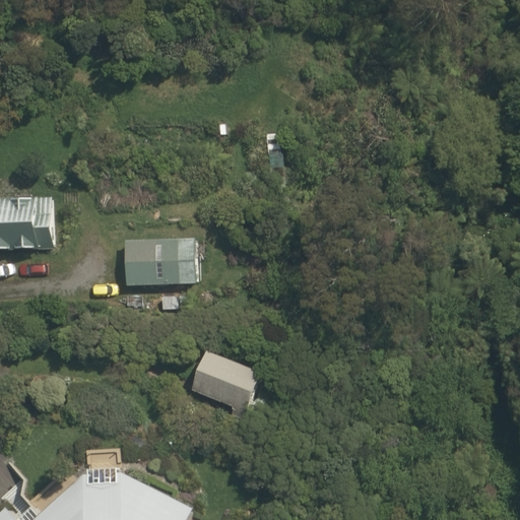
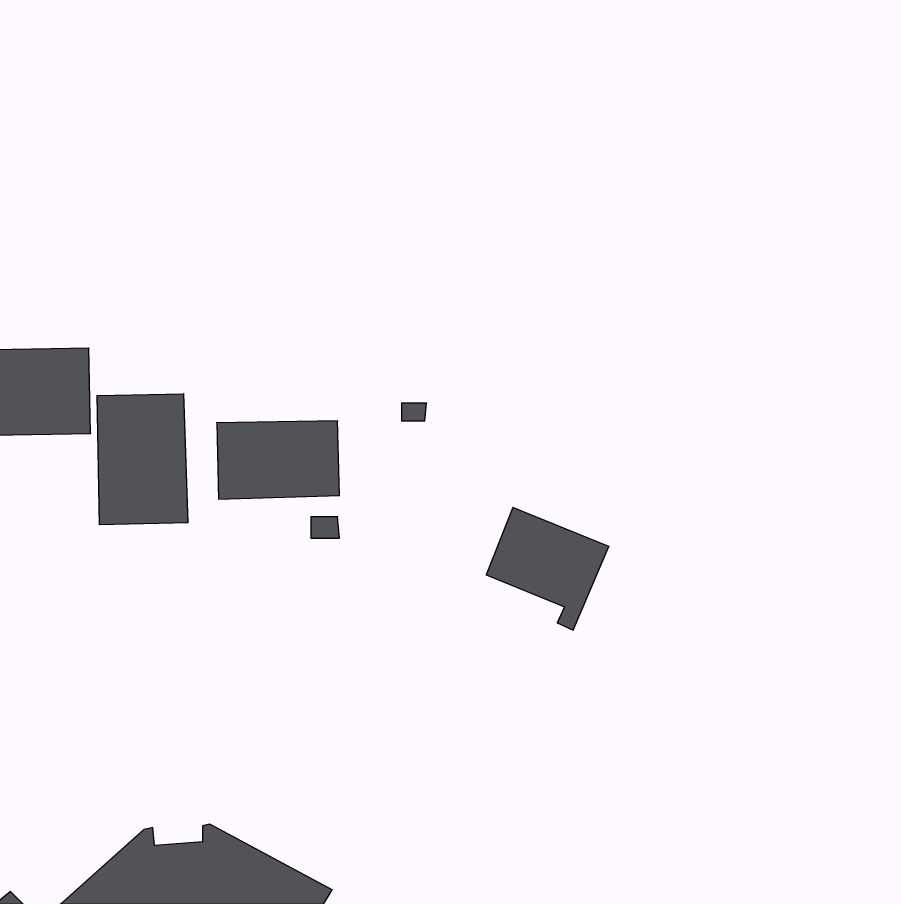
building: none -> [97,394,188,525]
building: [191,350,261,420] -> [486,507,609,630]

